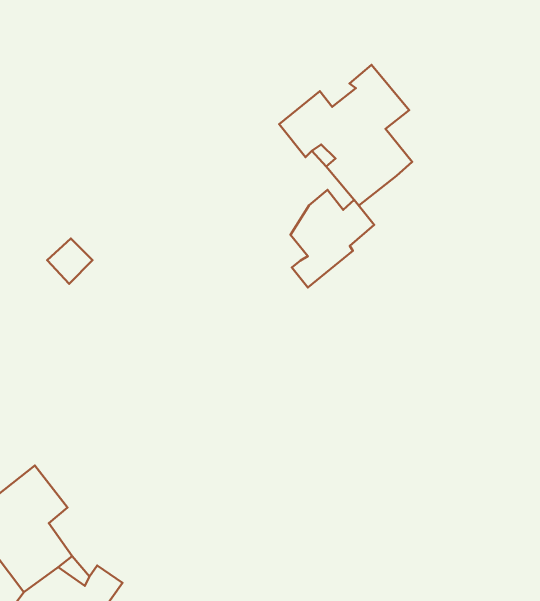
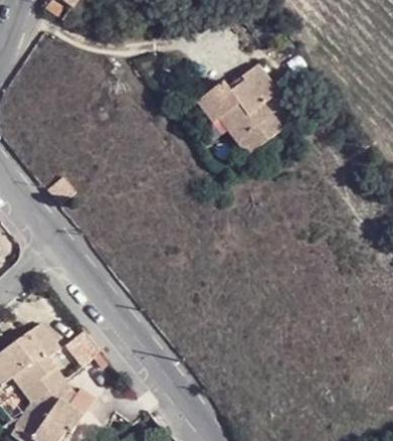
building: [291,190,374,288] -> none

